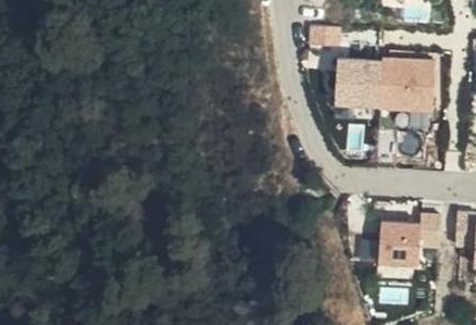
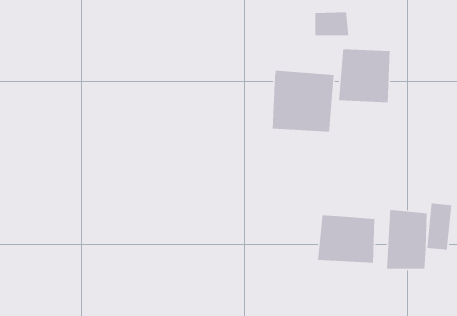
building: [379,55,440,116] -> [272,70,334,132]
building: none -> [317,215,375,264]

